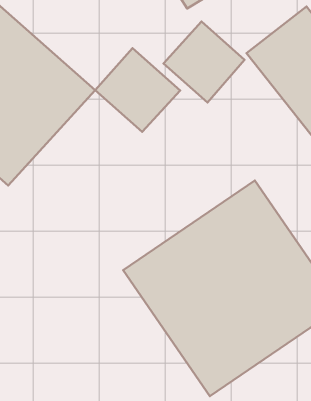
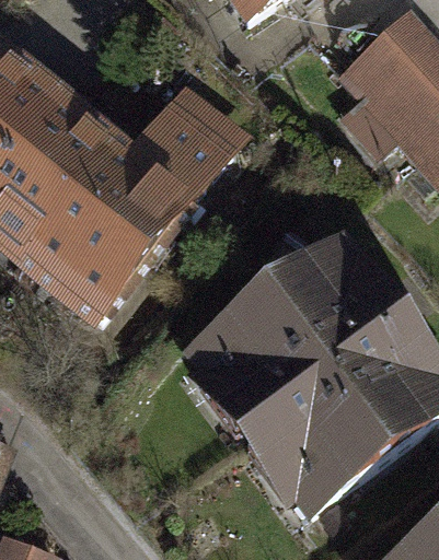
building: [164,21,244,102] -> none
building: none -> [25,133,197,317]

